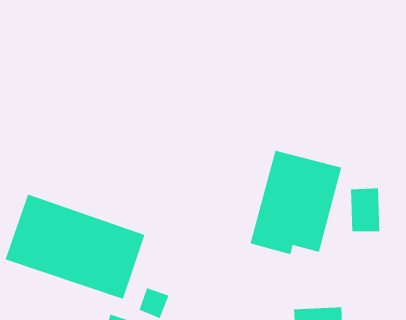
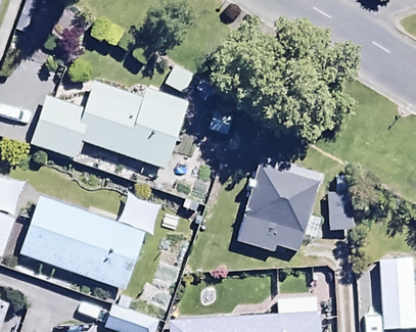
building: none -> [32,83,190,168]

